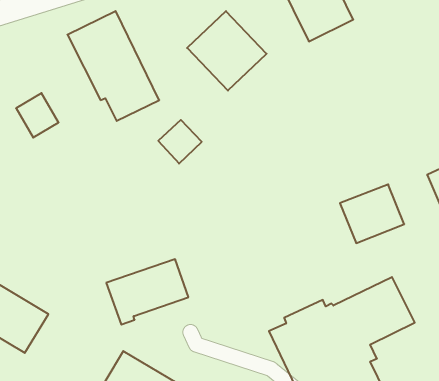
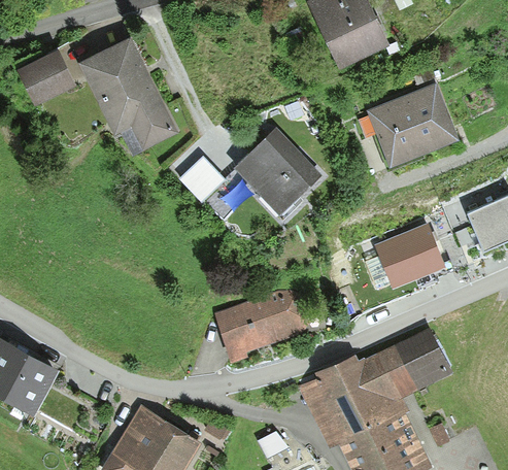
building: [187,11,267,91] -> [234,129,320,215]
building: none -> [367,85,458,168]
building: [16,93,59,138] -> [18,53,64,101]
building: [106,259,188,325] -> [214,289,304,360]

